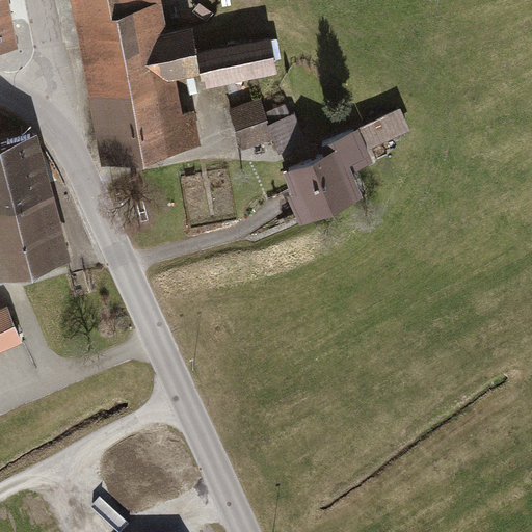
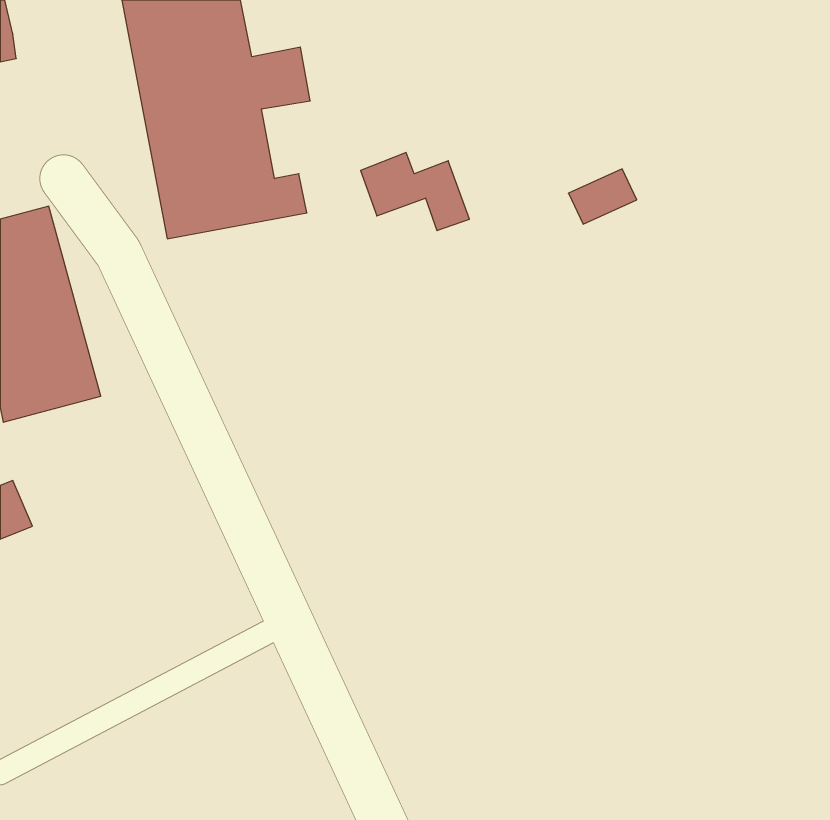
building: [201,44,274,82] -> none
building: [289,134,364,216] -> none

